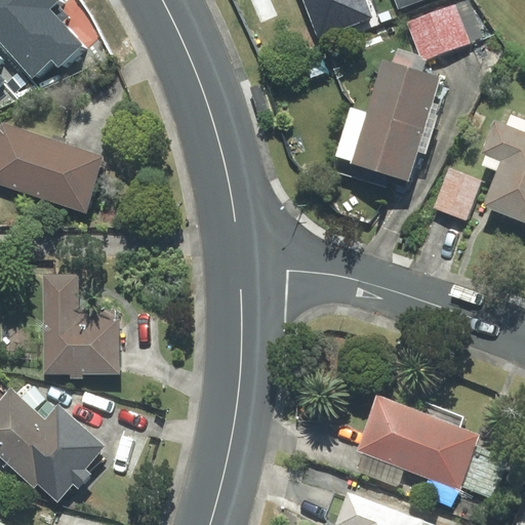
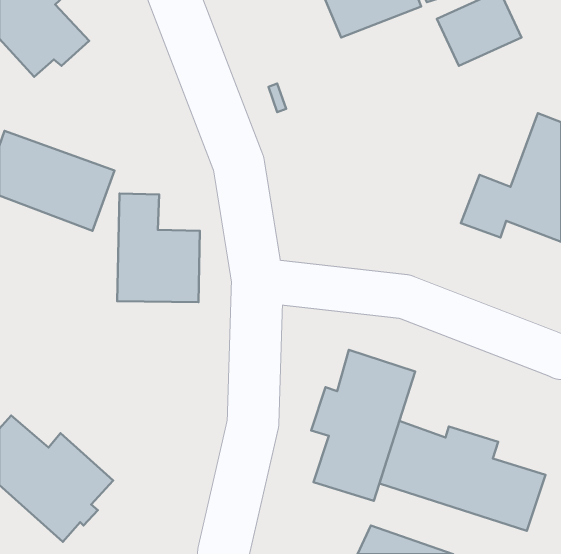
building: [335,50,438,183] -> none
building: [43,277,120,378] -> [117,193,200,302]
building: none -> [311,350,415,501]

